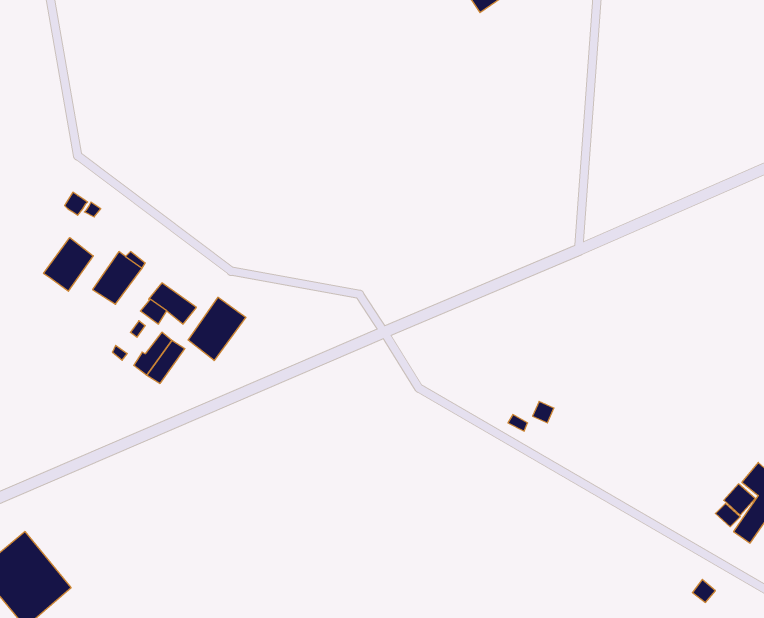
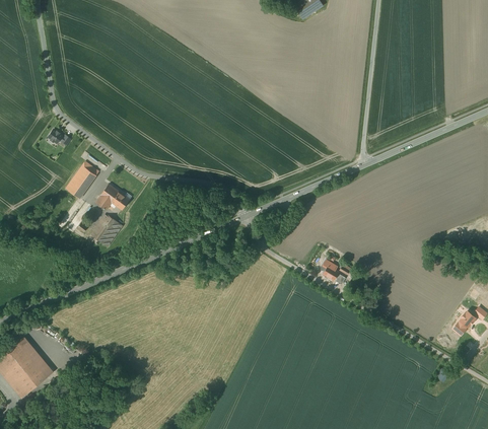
building: [44,238,93,291] -> none
building: [188,297,246,361] -> none

